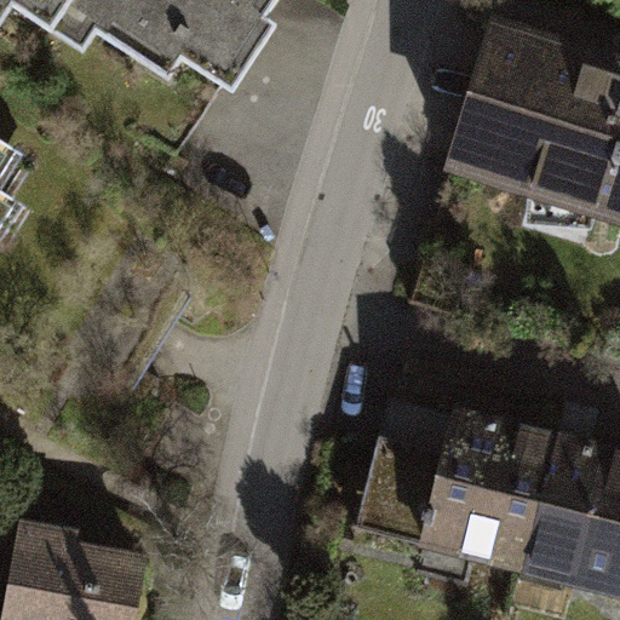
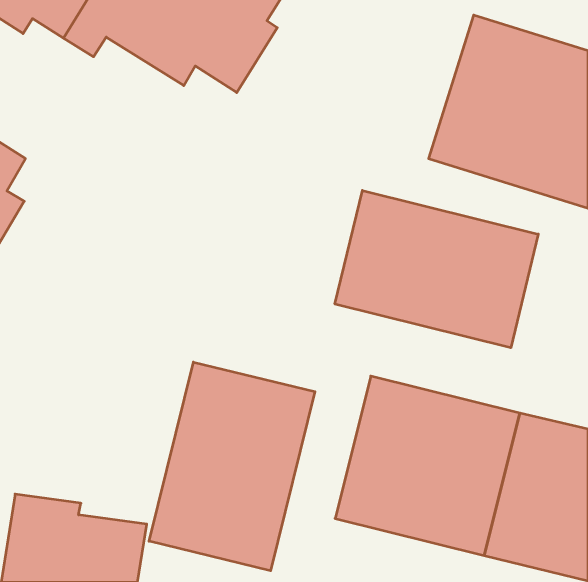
building: none -> [335,190,538,348]
building: none -> [149,362,315,571]

